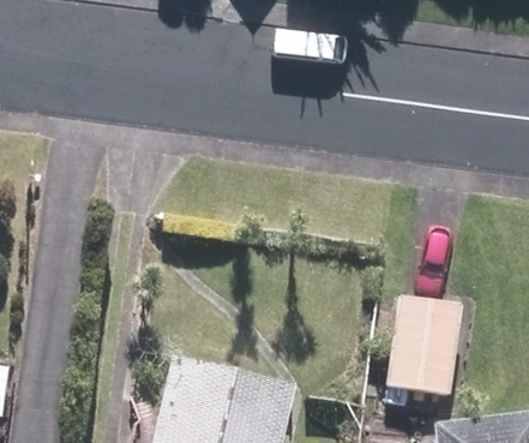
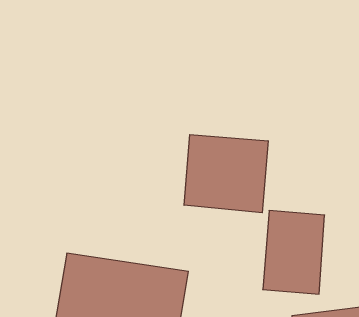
building: none -> [184,135,268,213]

